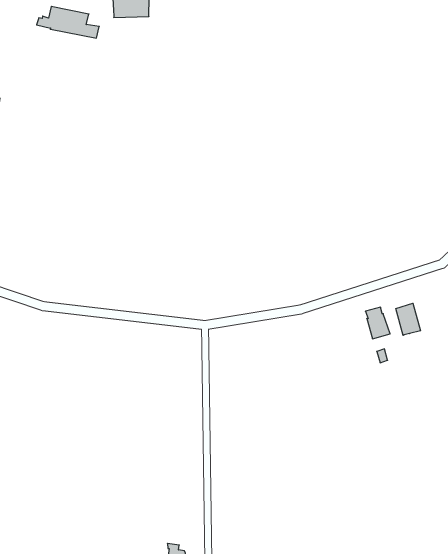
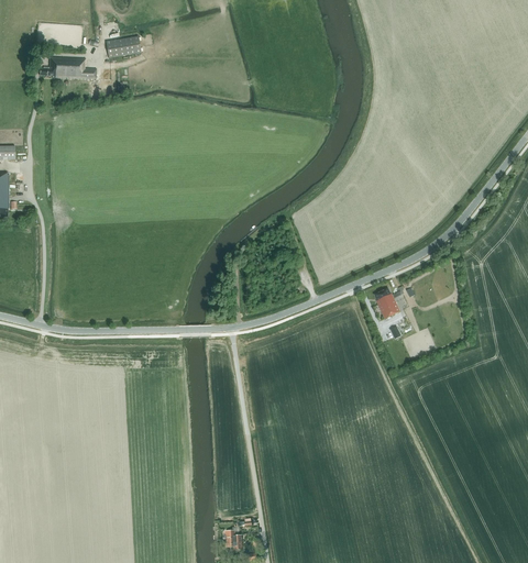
building: [396,303,421,335] -> none

